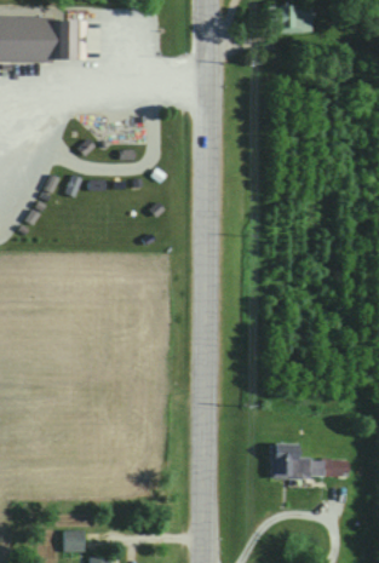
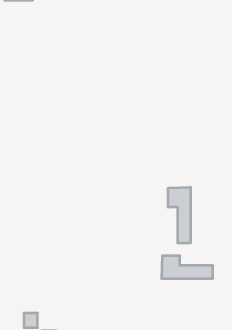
building: none -> [168,187,190,243]

